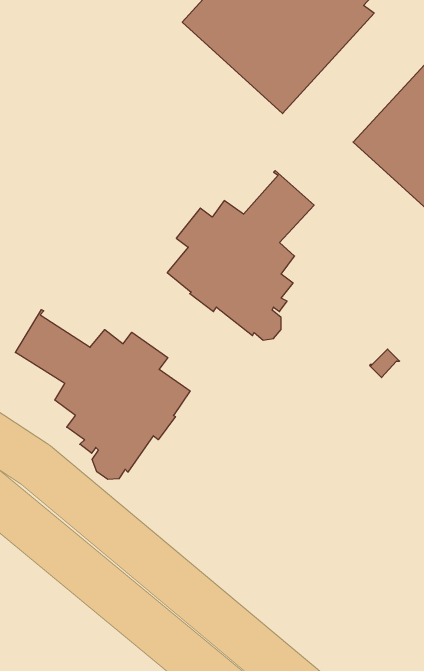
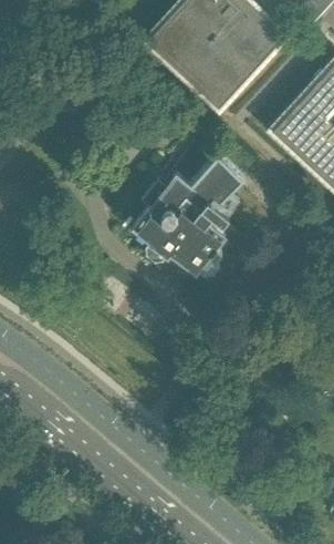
building: [15,310,190,479] -> none

